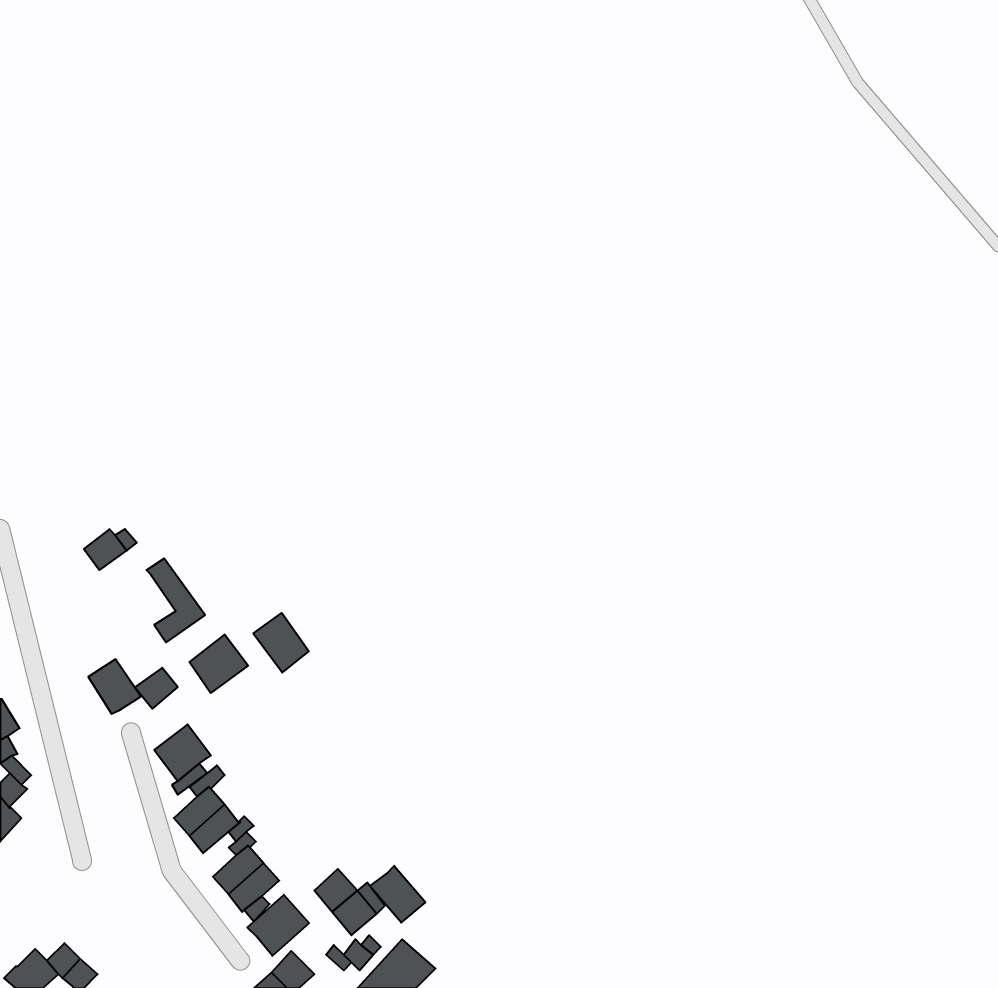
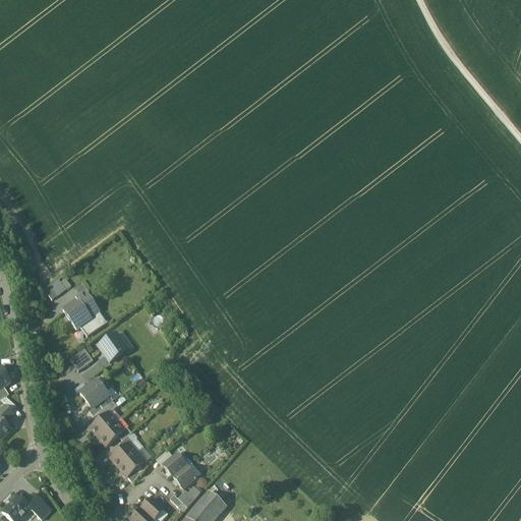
building: [253,613,309,673] -> none
building: [88,659,141,714] -> [64,299,92,328]
building: [370,866,425,923] -> none
building: [247,895,309,956] -> none

